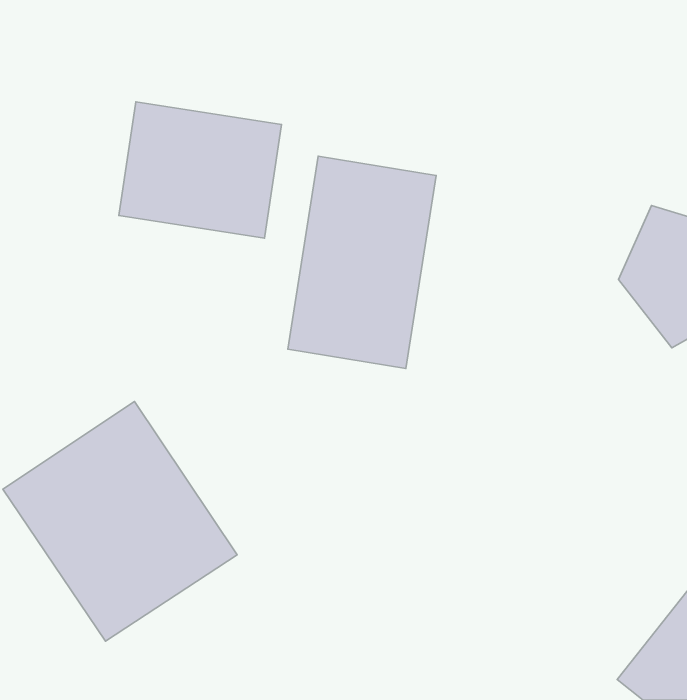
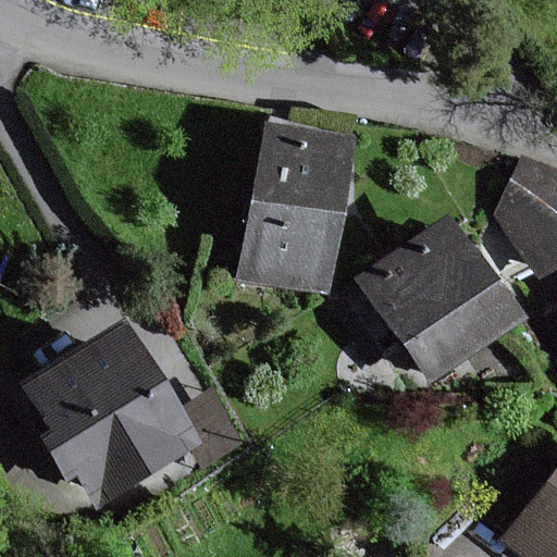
building: [119,102,282,238] -> none
building: none -> [361,221,517,379]

